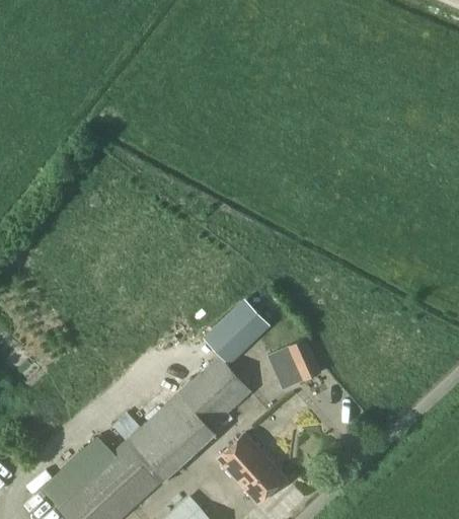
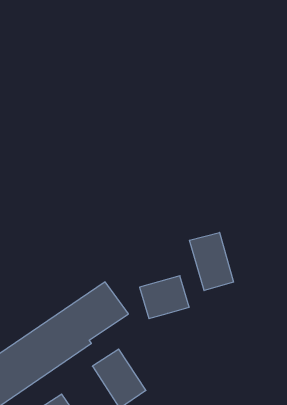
building: none -> [189,232,233,291]
building: [208,303,265,360] -> none

